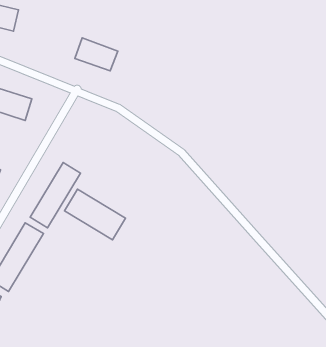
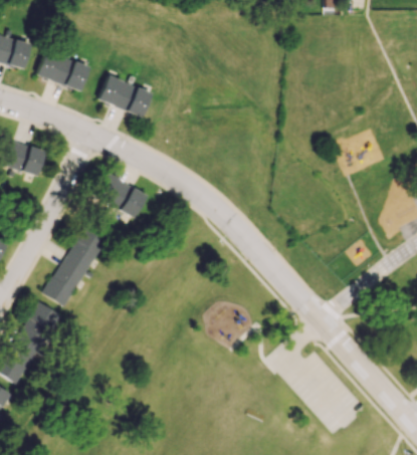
building: none -> [37,51,88,90]
building: none -> [95,174,148,217]
building: [65,189,125,240] -> none

